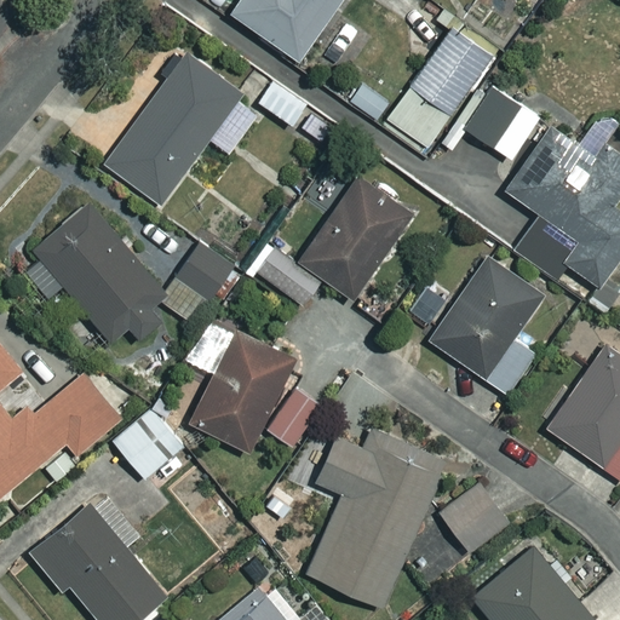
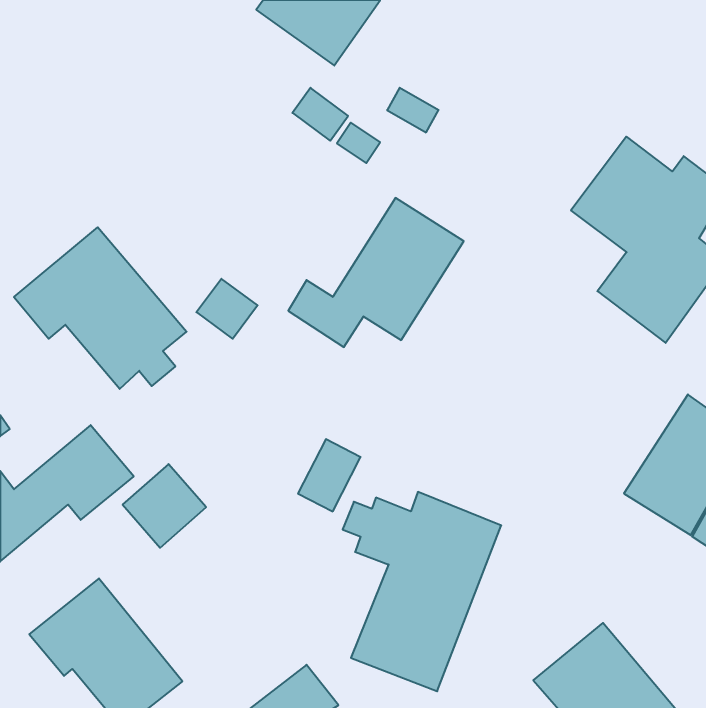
building: [392,39,483,148] -> none
building: [107,56,260,206] -> none
building: [465,88,535,157] -> none
building: [430,260,539,397] -> none
building: [188,328,295,452] -> none
building: [437,483,506,552] -> none

